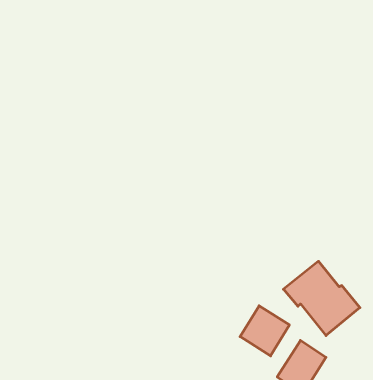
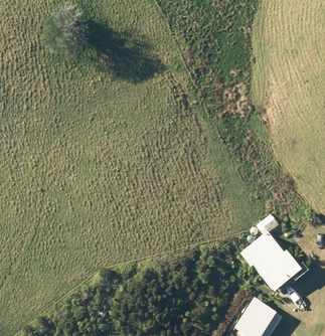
building: [240,306,289,356] -> none

